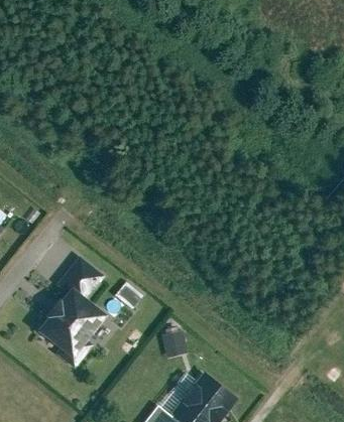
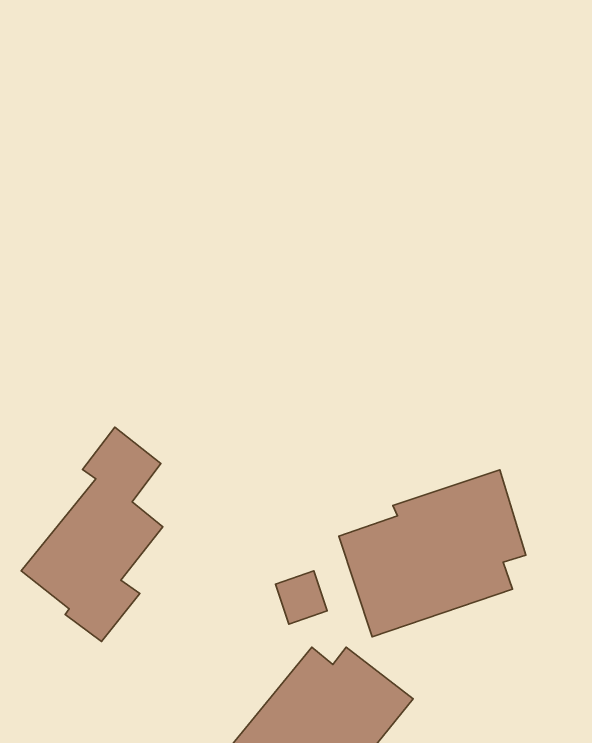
building: none -> [339,470,526,637]

